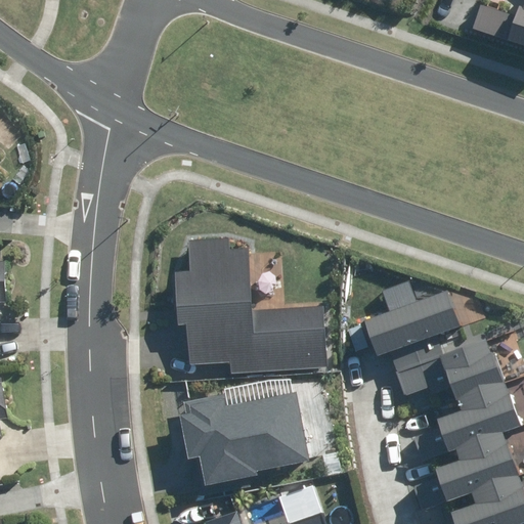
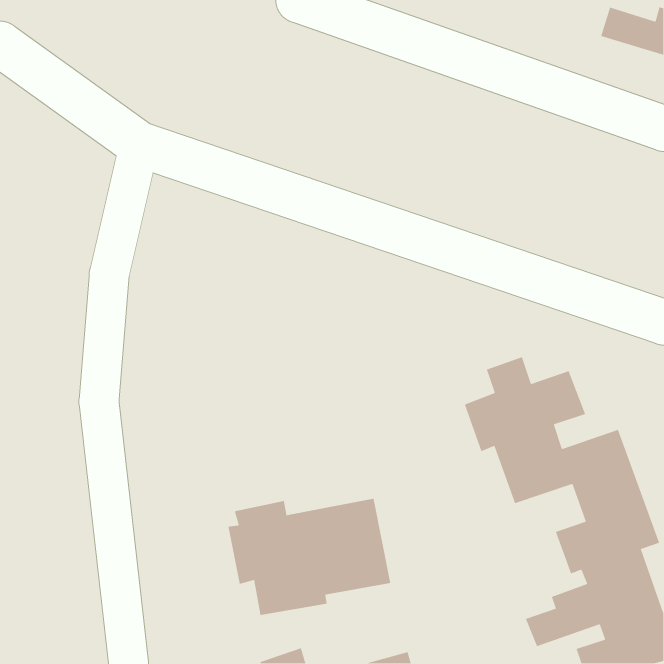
building: [175,238,326,373] -> none

